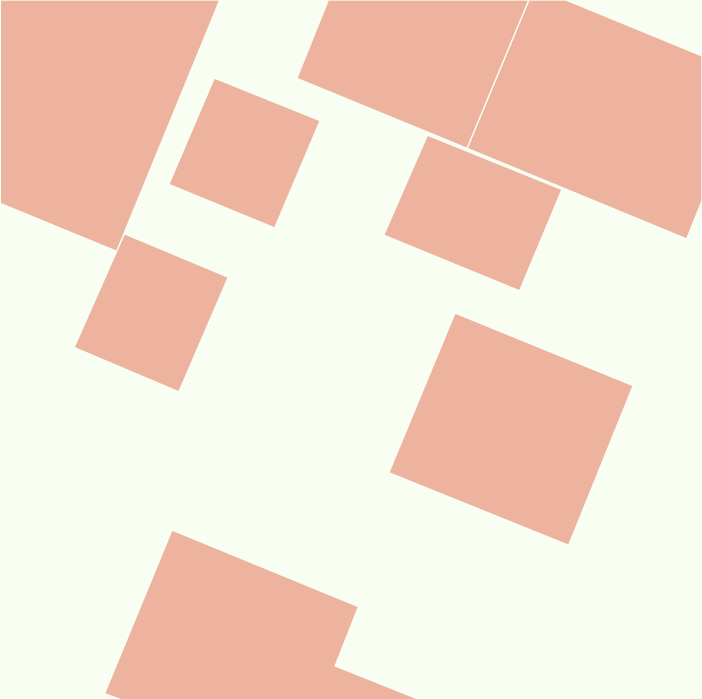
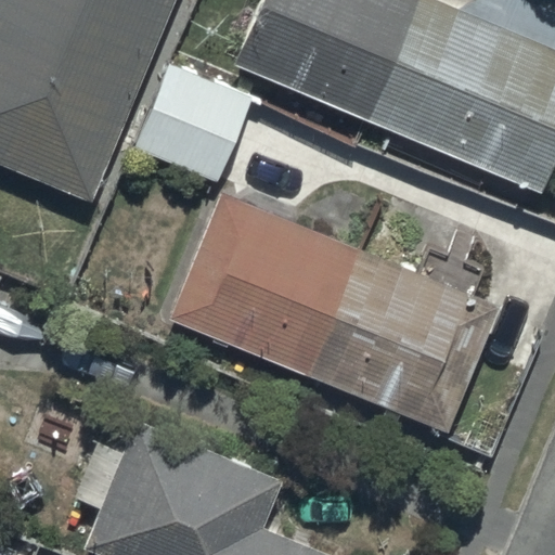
building: [384,135,562,291] -> none
building: [74,234,228,392] -> none
building: none -> [169,193,359,375]

